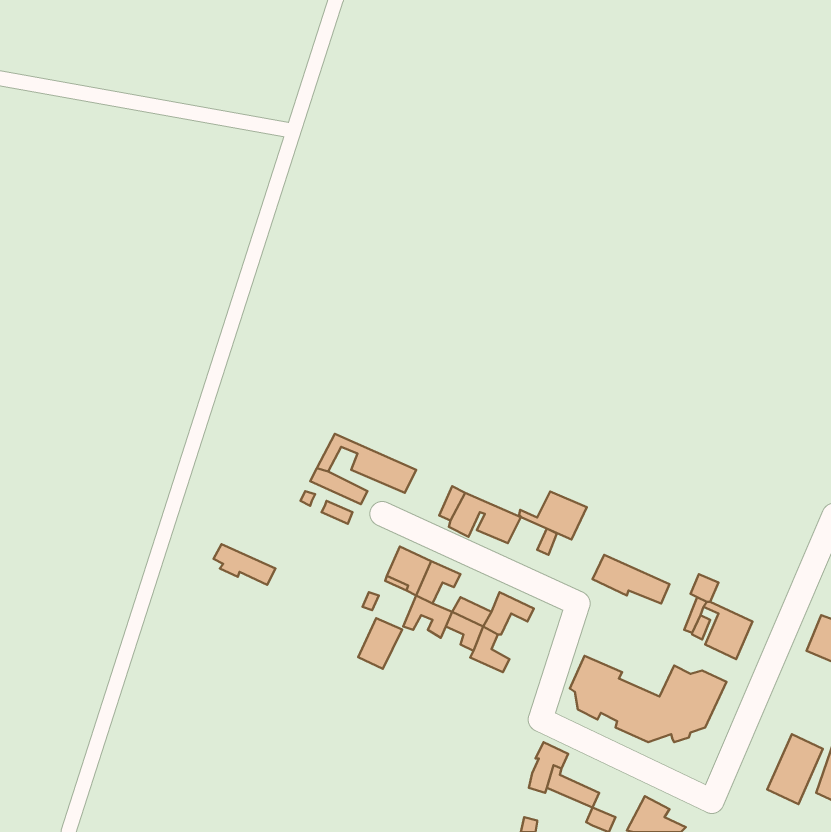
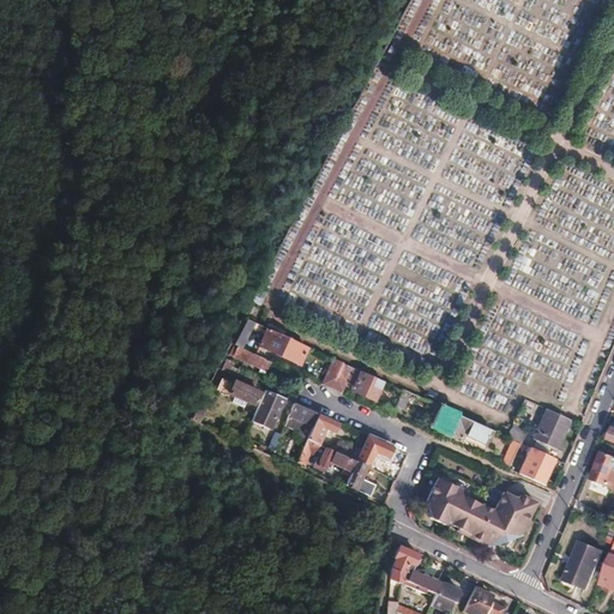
building: [519,492,587,539] -> none
building: [213,544,275,585] -> [215,373,260,403]
building: none -> [535,409,572,449]
building: [358,618,402,669] -> [254,389,287,426]

